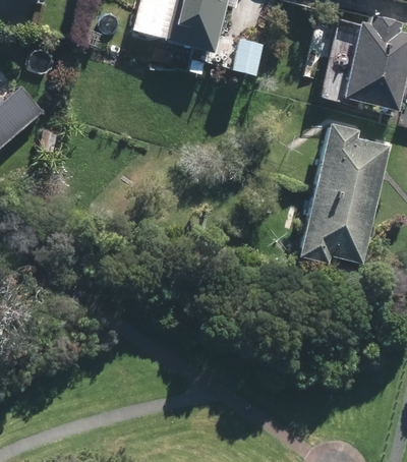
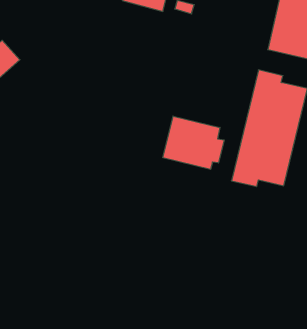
building: none -> [163,116,224,169]

